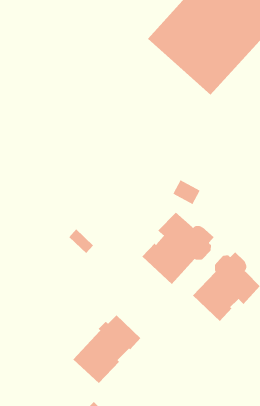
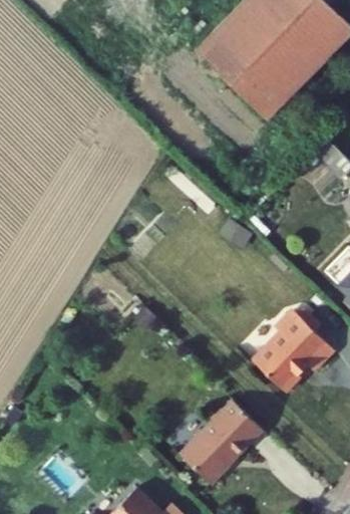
building: [142,212,215,285] -> none
building: [73,314,141,384] -> [182,398,263,480]

